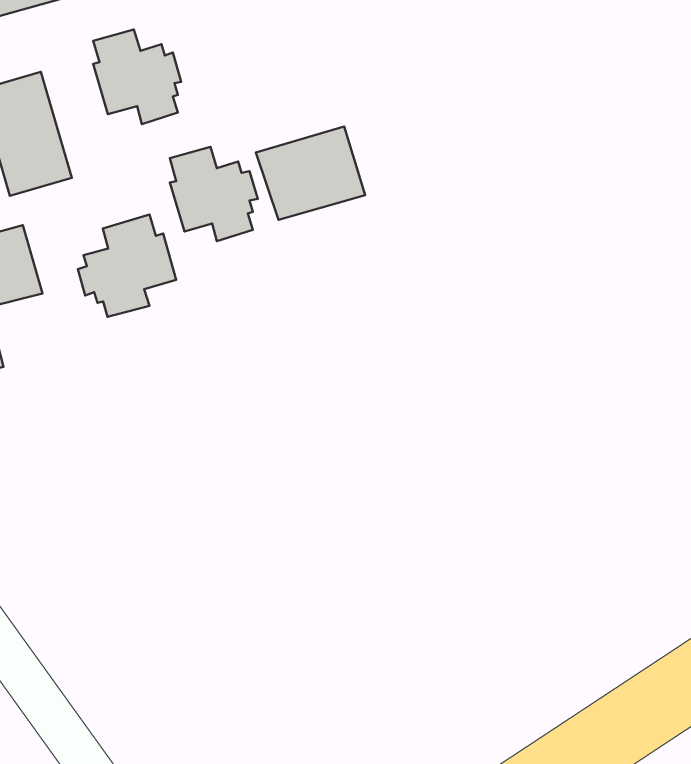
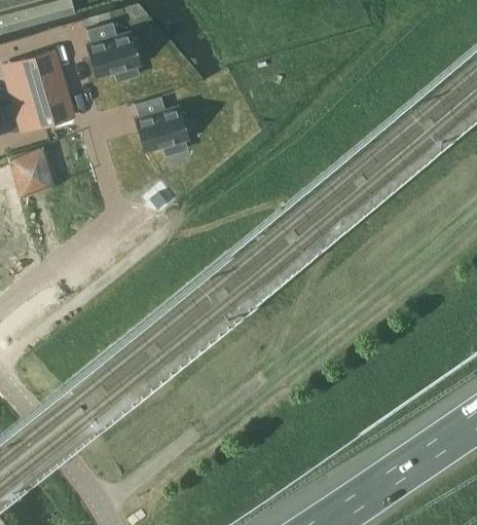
building: [256,126,365,220] -> none
building: [78,215,176,317] -> none

